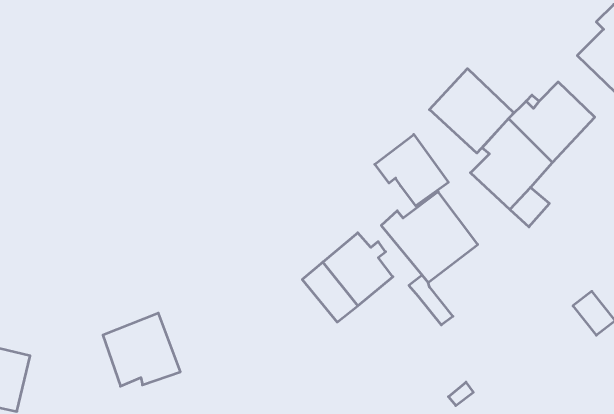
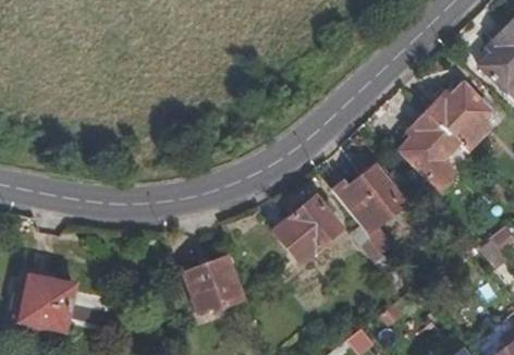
building: [429,69,514,153] -> none
building: [375,134,448,206] -> none
building: [103,313,180,386] -> [185,256,243,310]

